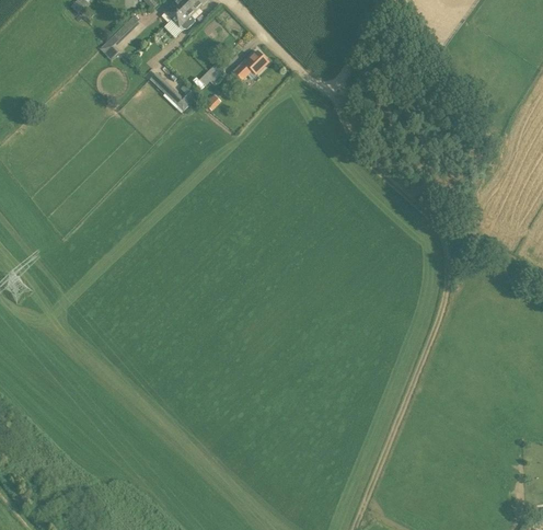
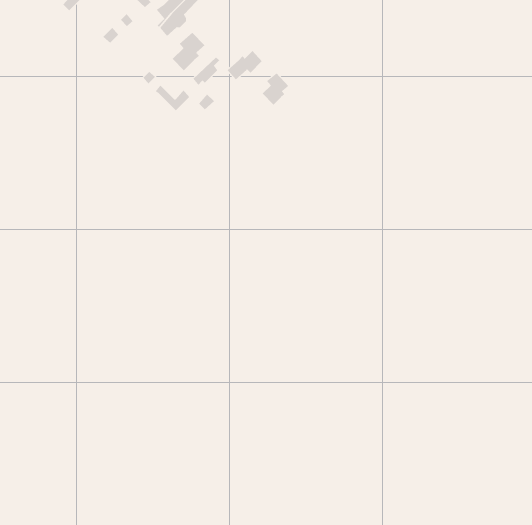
building: none -> [172,32,206,71]
building: none -> [262,73,289,105]

